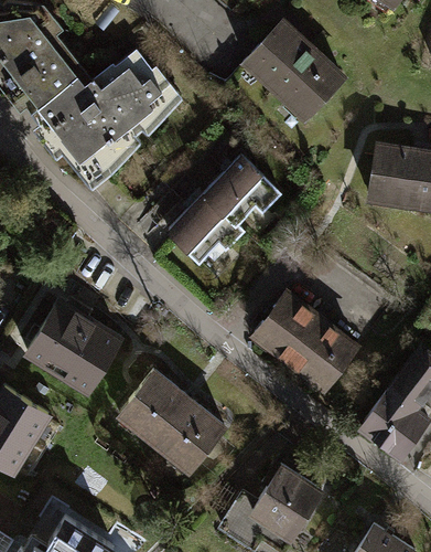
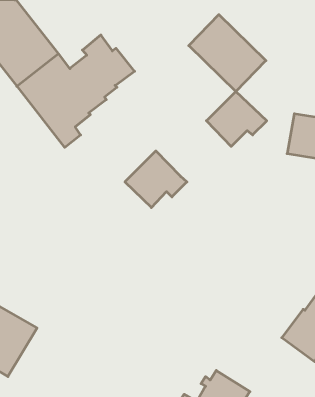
building: [204,156,279,224] -> [206,92,267,146]
building: [254,291,356,386] -> none
building: [26,298,126,394] -> none
building: [115,370,225,475] -> none

